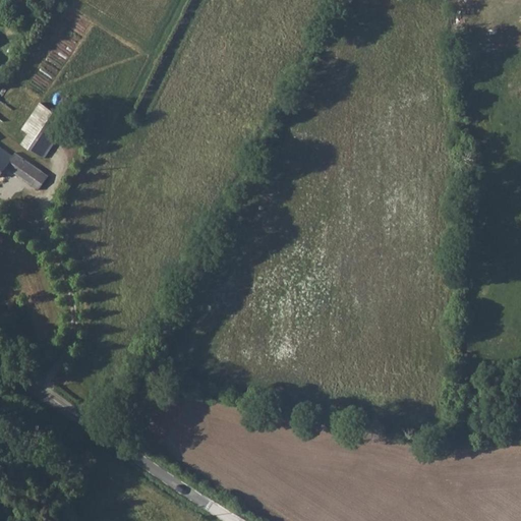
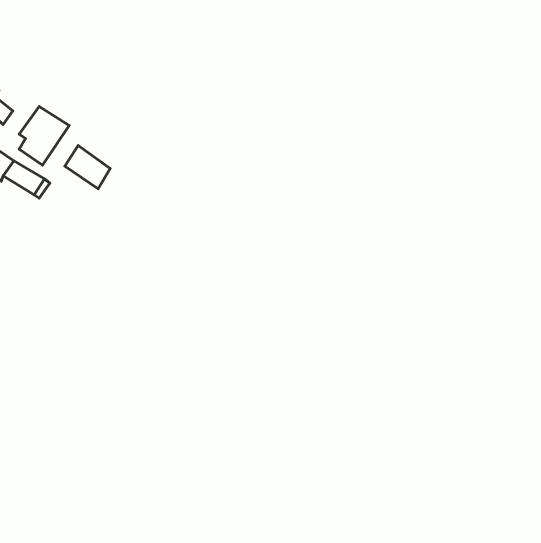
building: none -> [65,146,110,189]

